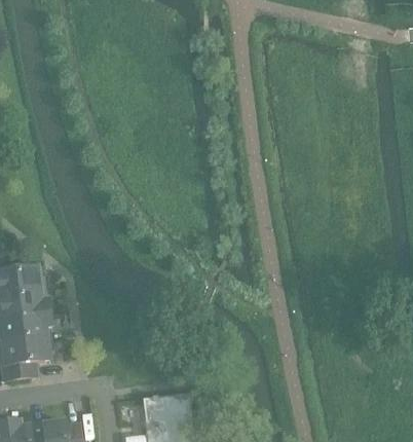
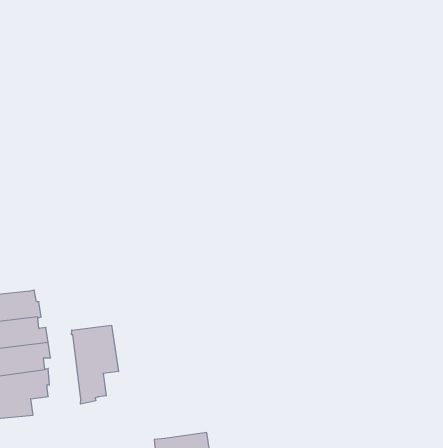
building: none -> [72,325,119,404]

